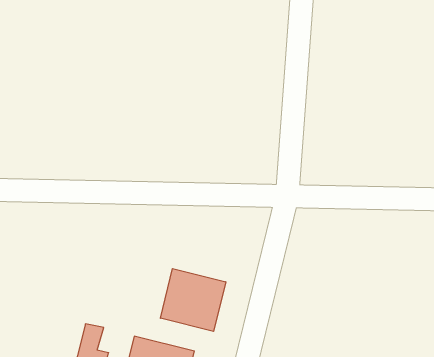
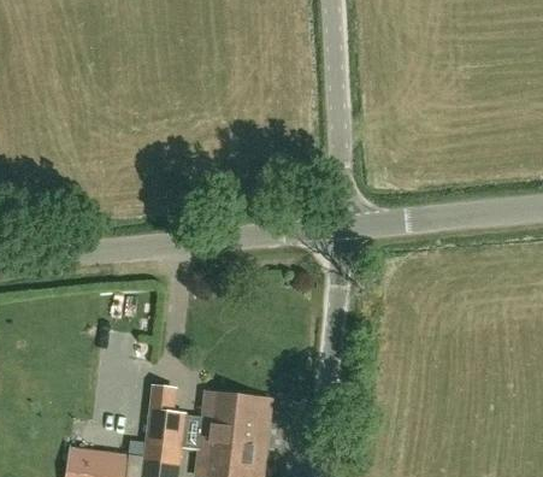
building: [160,269,226,331] -> none

